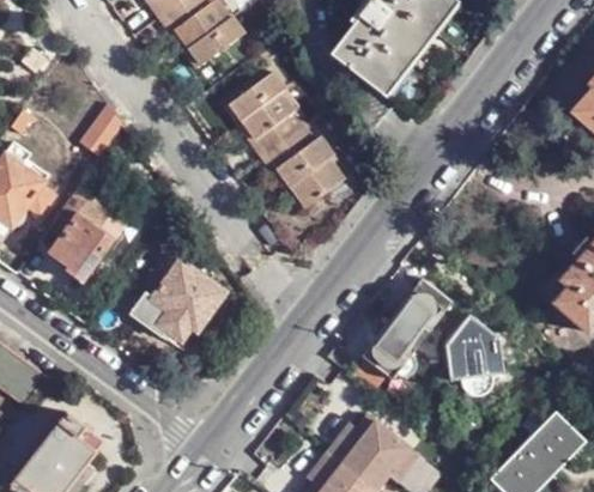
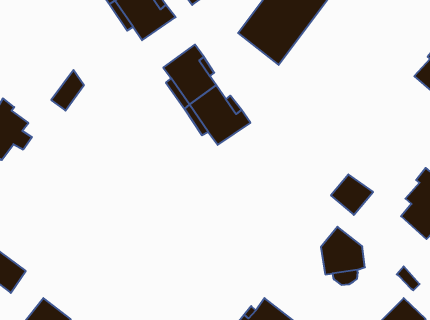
building: [40,192,127,281] -> none
building: [128,259,224,339] -> none
building: [395,279,453,334] -> [331,174,373,215]
building: [359,327,419,382] -> none

